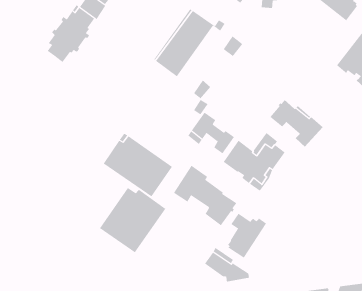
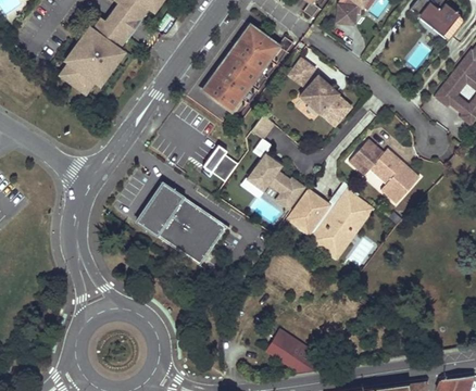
building: none -> [301,75,352,125]
building: none -> [204,144,239,181]
building: [173,165,237,226] -> none
building: [99,187,166,253] -> none
building: [228,213,267,259] -> none

